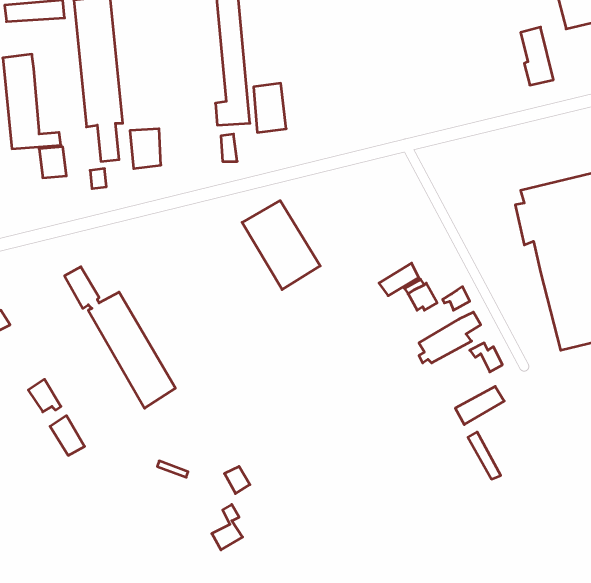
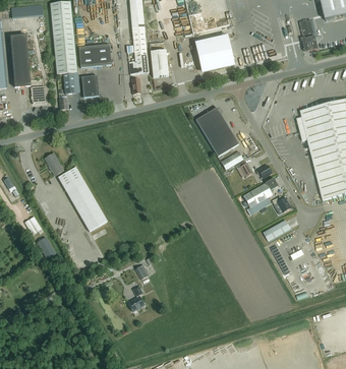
building: none -> [191,34,231,72]
building: none -> [78,44,112,67]
building: [242,201,320,290] -> [195,107,239,157]

